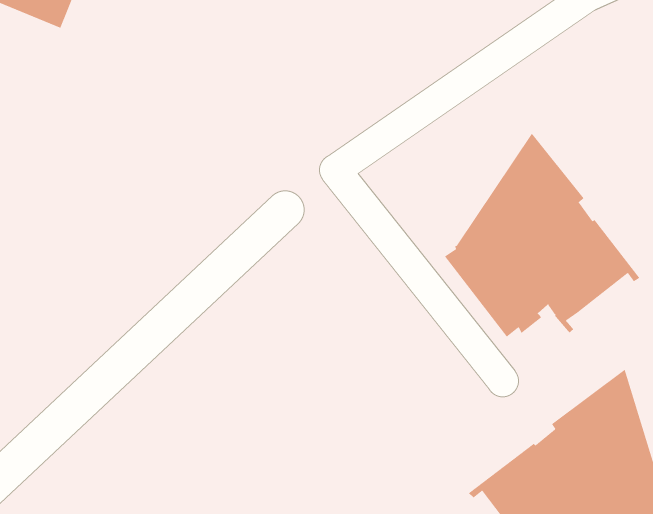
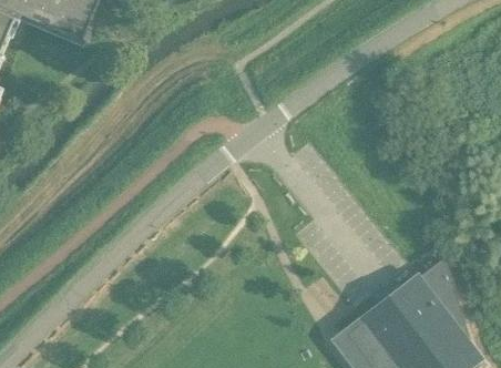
building: [444,133,640,338] -> none

